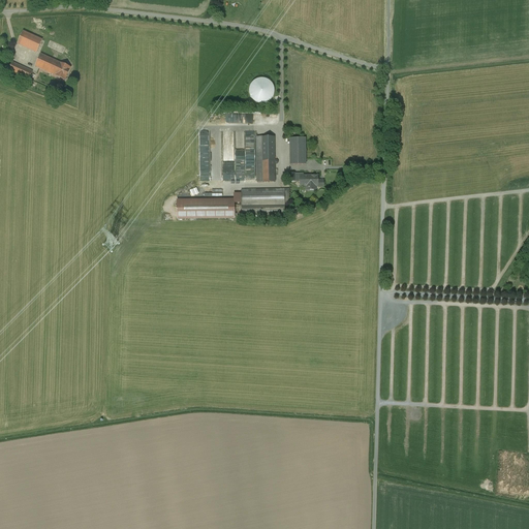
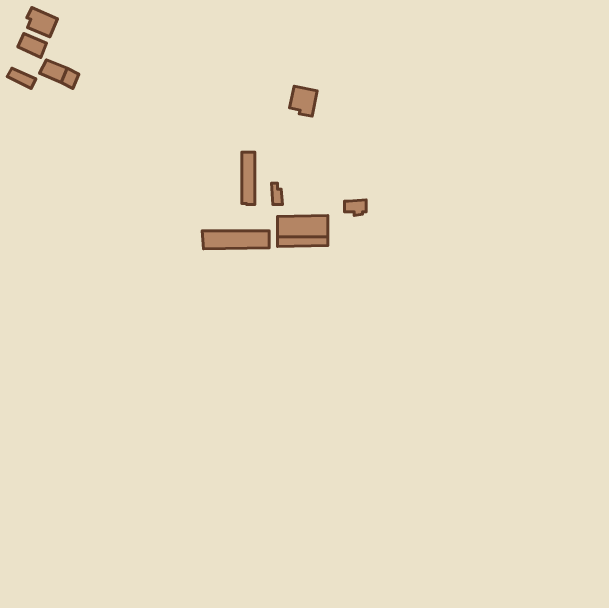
building: none -> [27,7,58,37]
building: [255,134,273,180] -> none
building: [287,135,304,162] -> none

